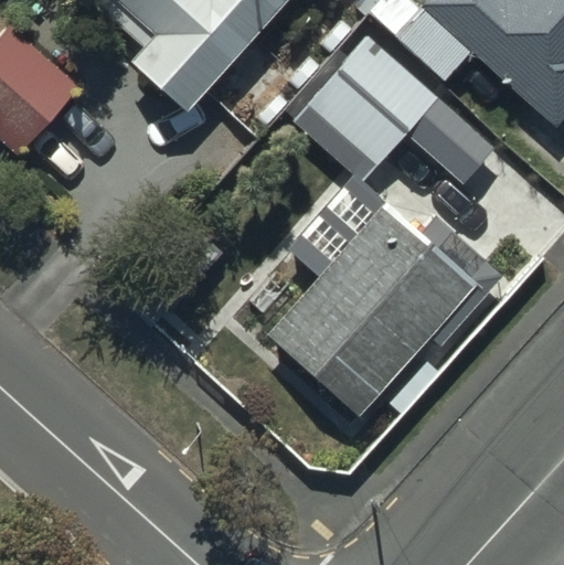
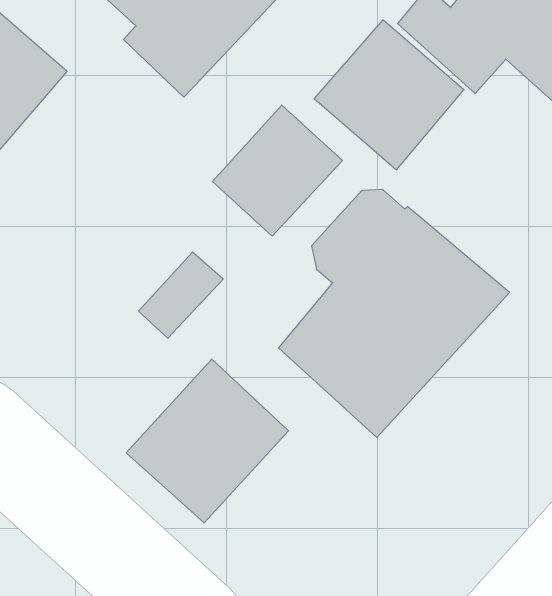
building: none -> [212,105,342,236]
building: none -> [126,359,288,523]

